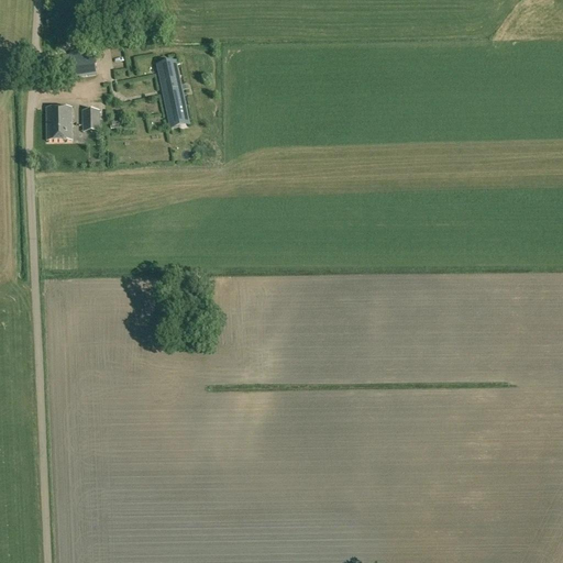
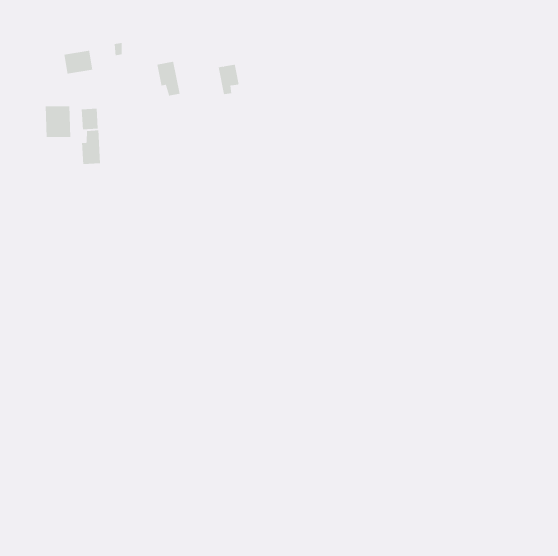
building: [164,95,187,126] -> [218,64,241,96]
building: none -> [82,130,101,165]

